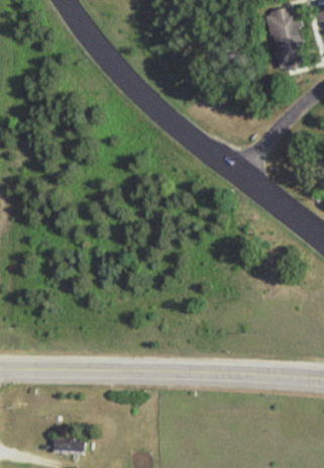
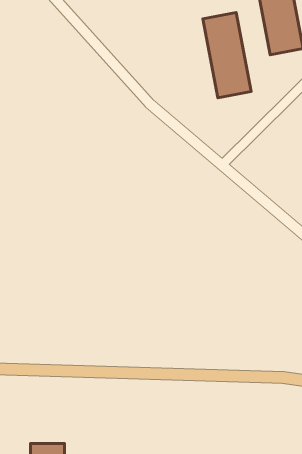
building: none -> [203,13,251,98]

